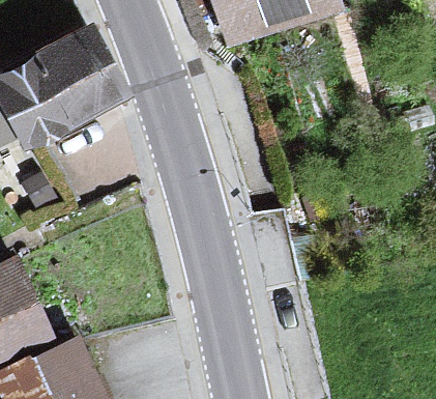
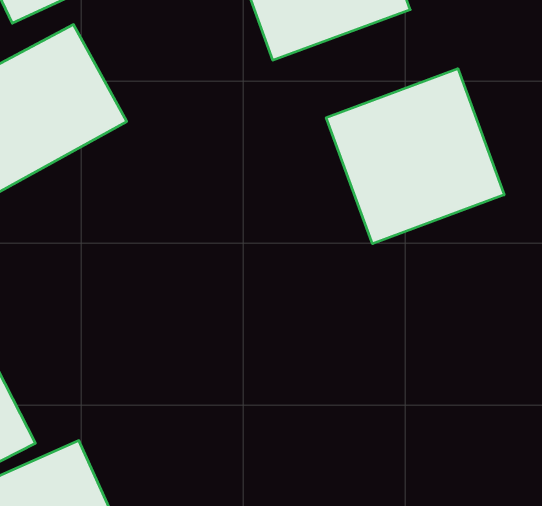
building: none -> [326,69,504,244]

